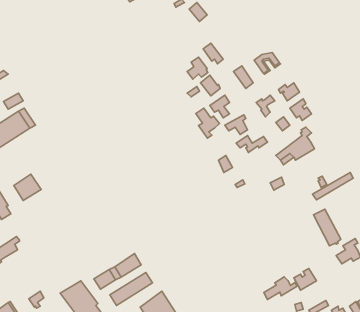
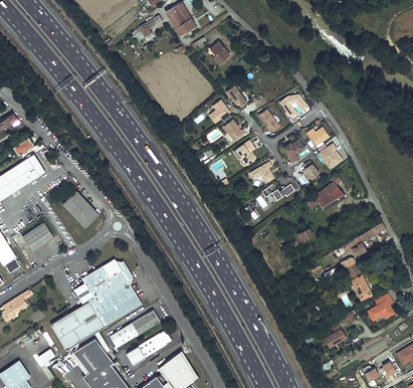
building: [196,108,219,138] -> none
building: none -> [62,191,98,228]
building: none -> [49,258,141,350]
building: [264,277,297,300] -> none

